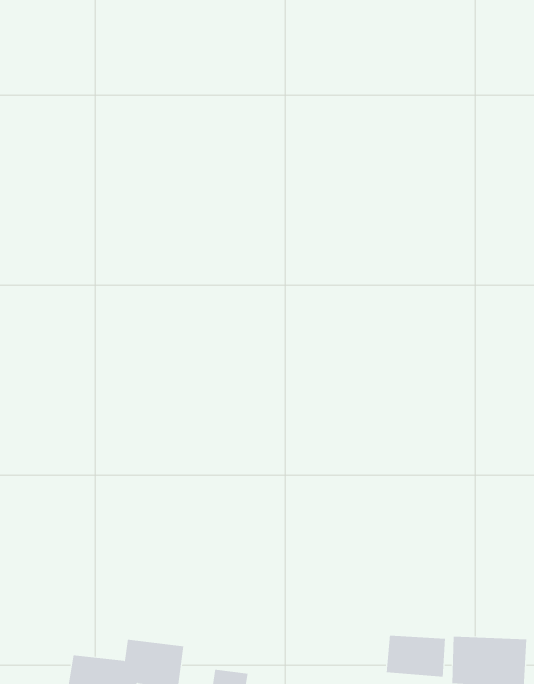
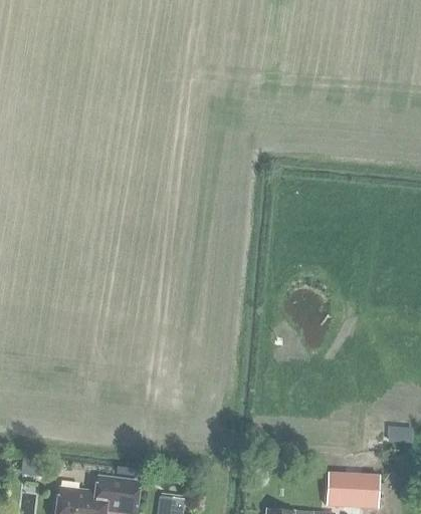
building: [386,635,445,677] -> none

